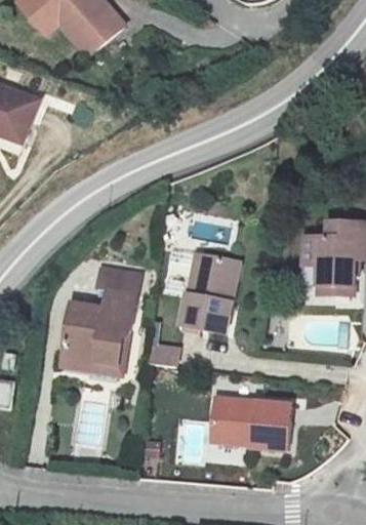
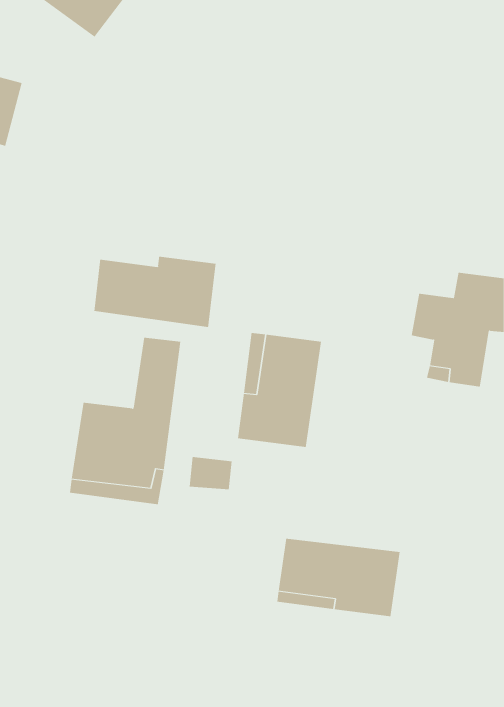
building: none -> [94,256,216,328]

